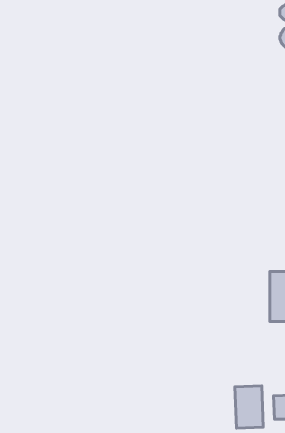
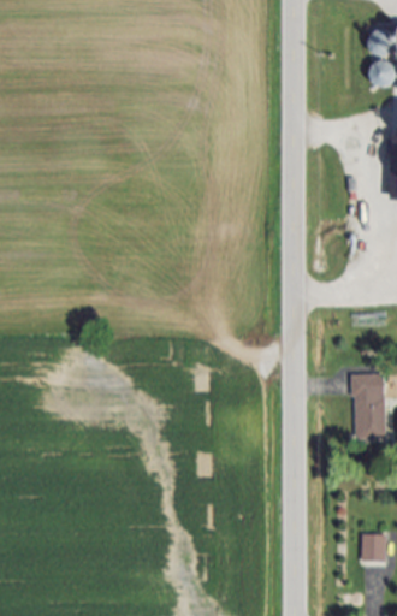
building: [235,386,263,428] -> none

